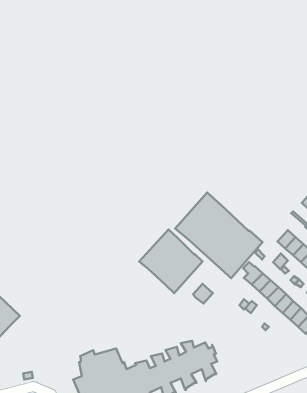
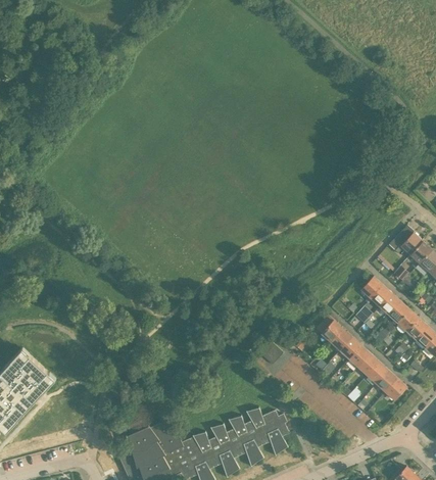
building: [175,192,262,278] -> none
building: [139,229,203,293] -> none

